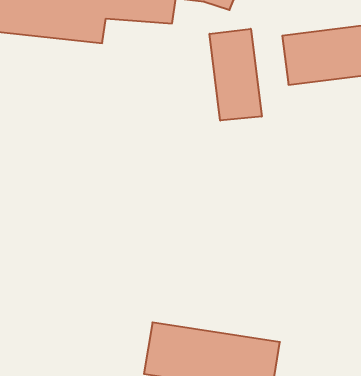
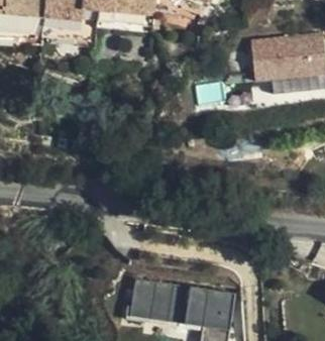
building: [210,29,262,121] -> none

